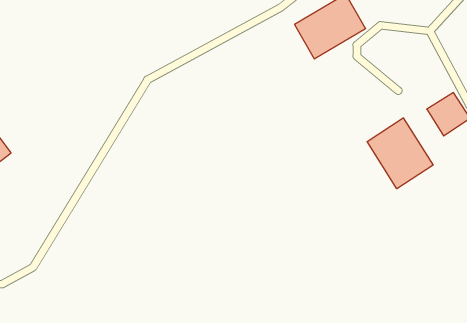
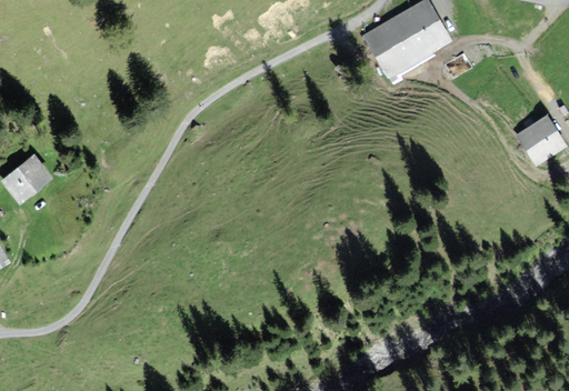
building: [367,118,433,189] -> none

